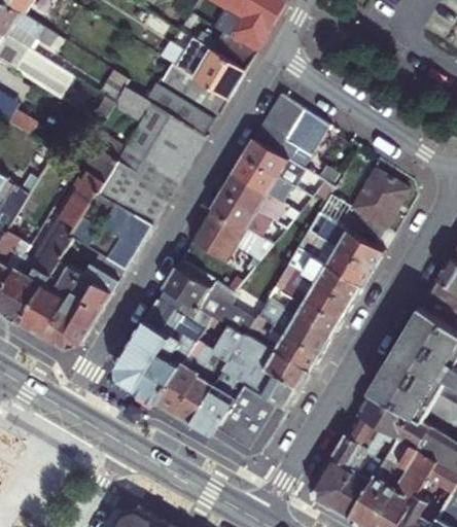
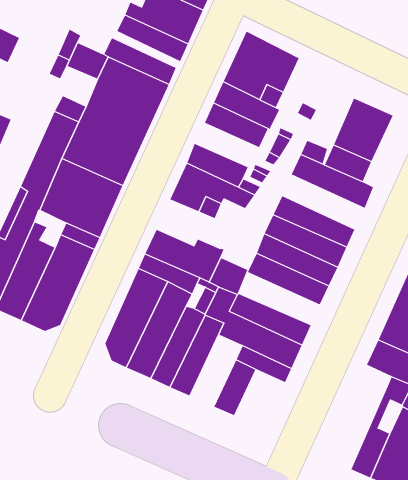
building: [221,174,281,220] -> none
building: [296,231,372,288] -> none
building: [246,316,320,372] -> none
building: [190,371,244,436] -> none
building: [230,407,280,456] -> none
building: [311,432,373,508] -> none

